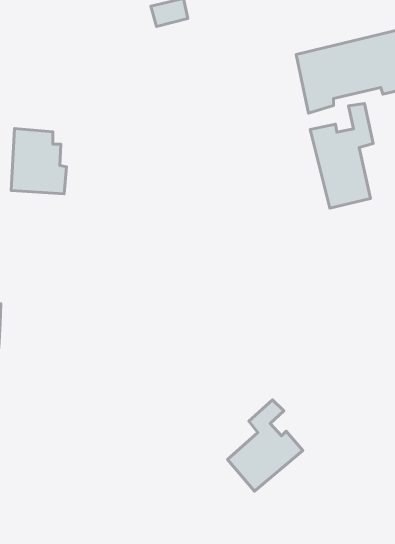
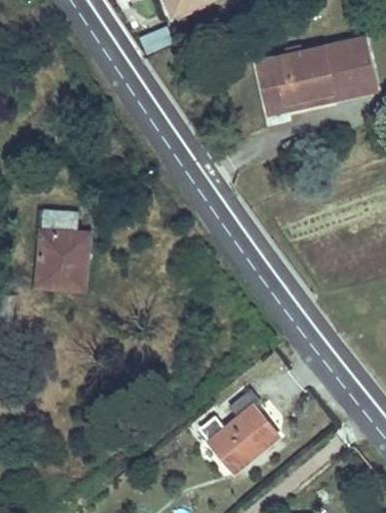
building: [310,103,373,208] -> none
building: [11,128,67,194] -> [36,229,85,288]

